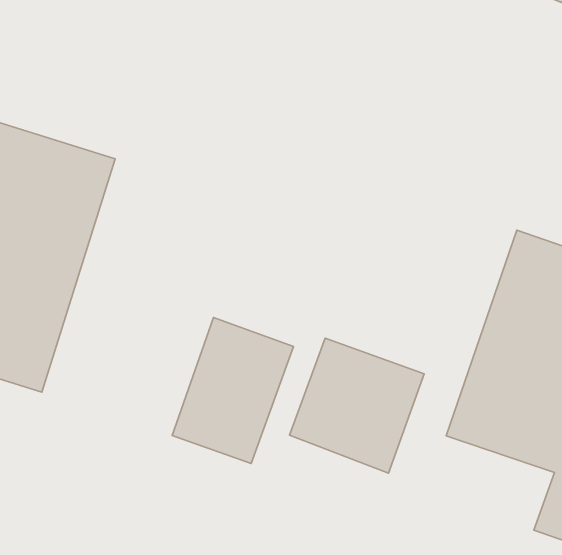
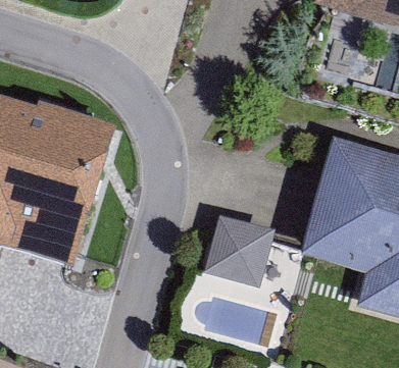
building: [172,317,294,463] -> none

